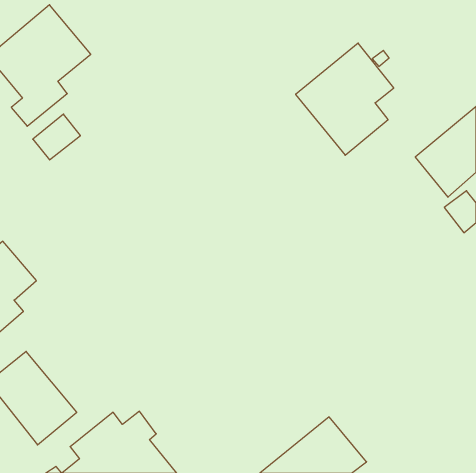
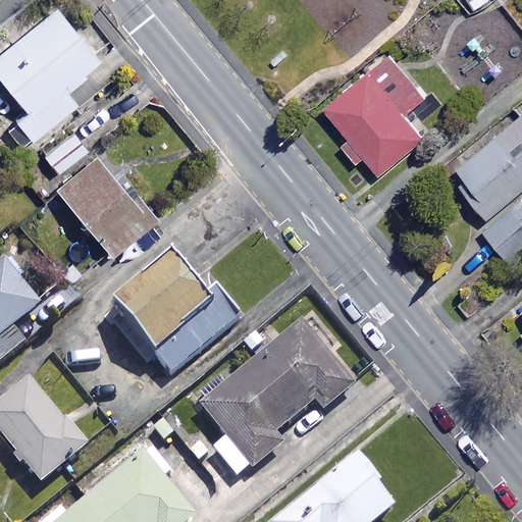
building: none -> [56,155,151,250]
building: none -> [113,256,241,379]
building: none -> [201,325,354,482]

